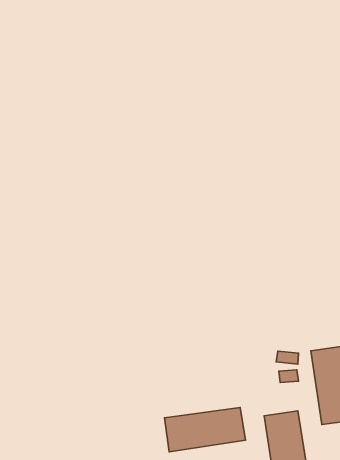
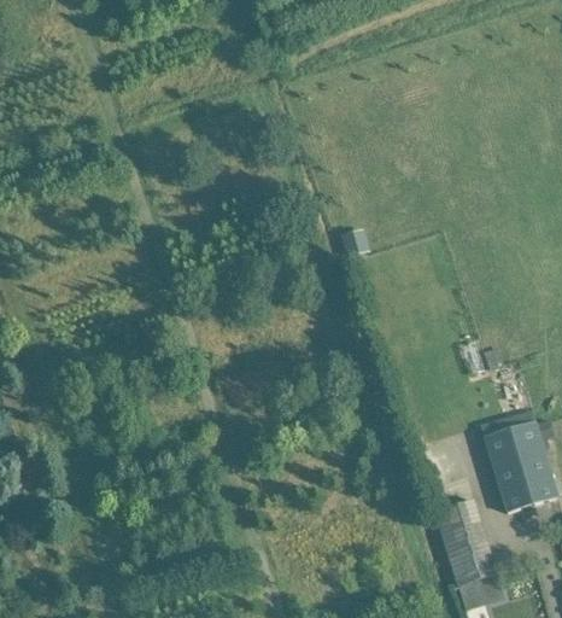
building: [165,407,245,452] -> none

